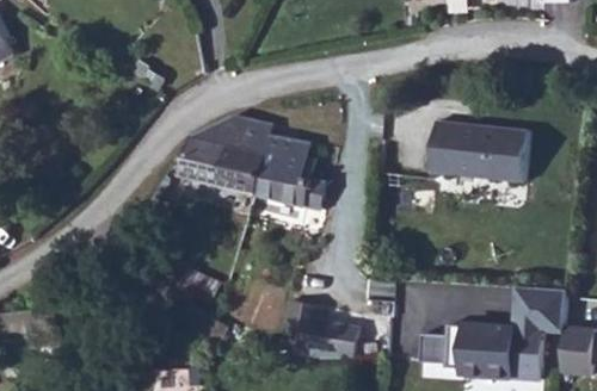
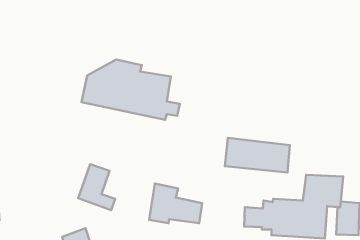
building: [438,119,535,170] -> [225,138,290,173]

